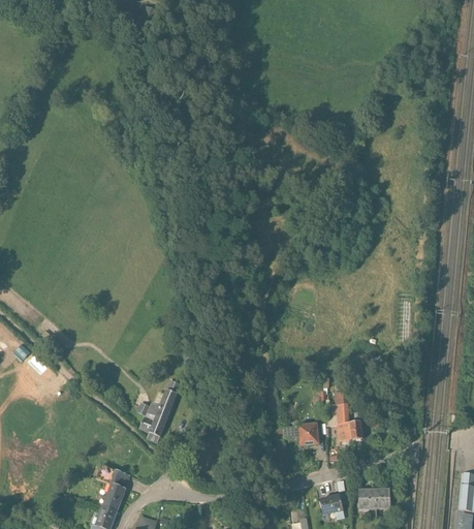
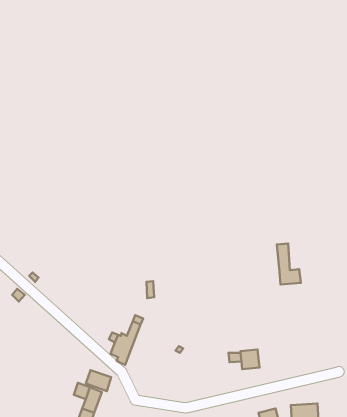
building: [335,391,364,440] -> [277,243,301,285]
building: none -> [86,370,111,391]

